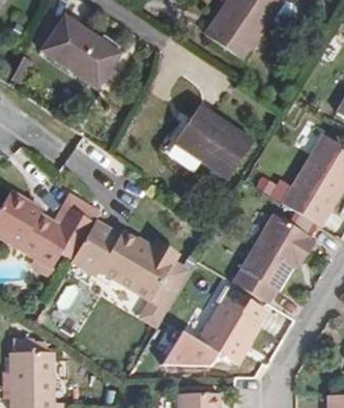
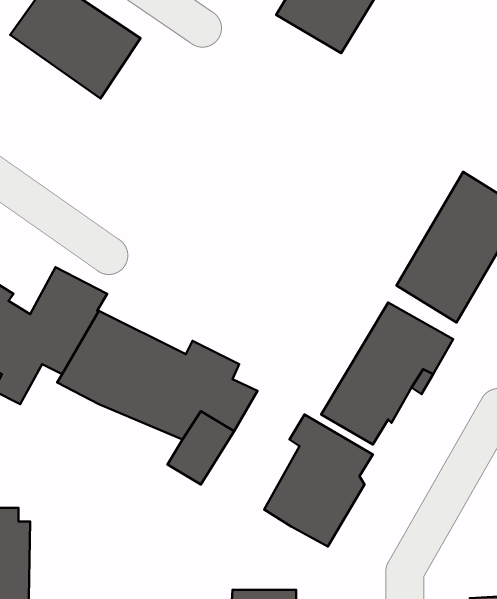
building: [172,101,257,182] -> none
building: [162,330,214,363] -> none

